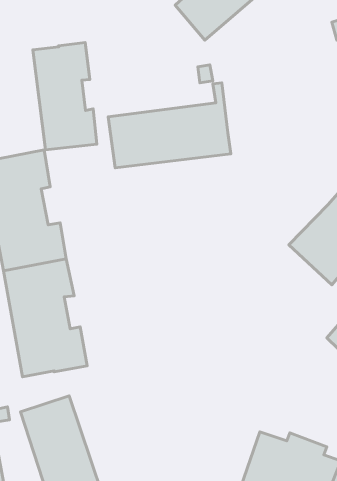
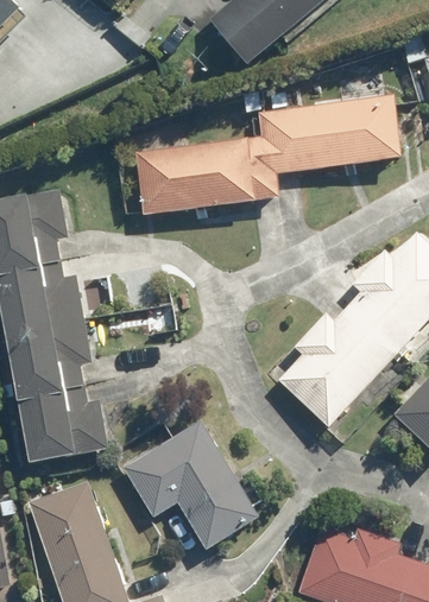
building: [33,42,97,150] -> none
building: none -> [270,95,400,171]
building: none -> [279,304,400,427]
building: none -> [124,419,260,549]

